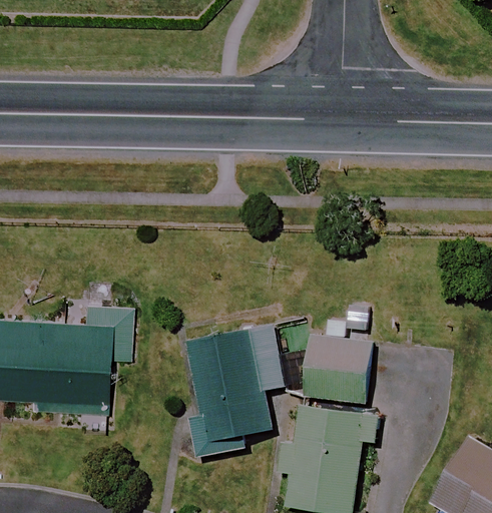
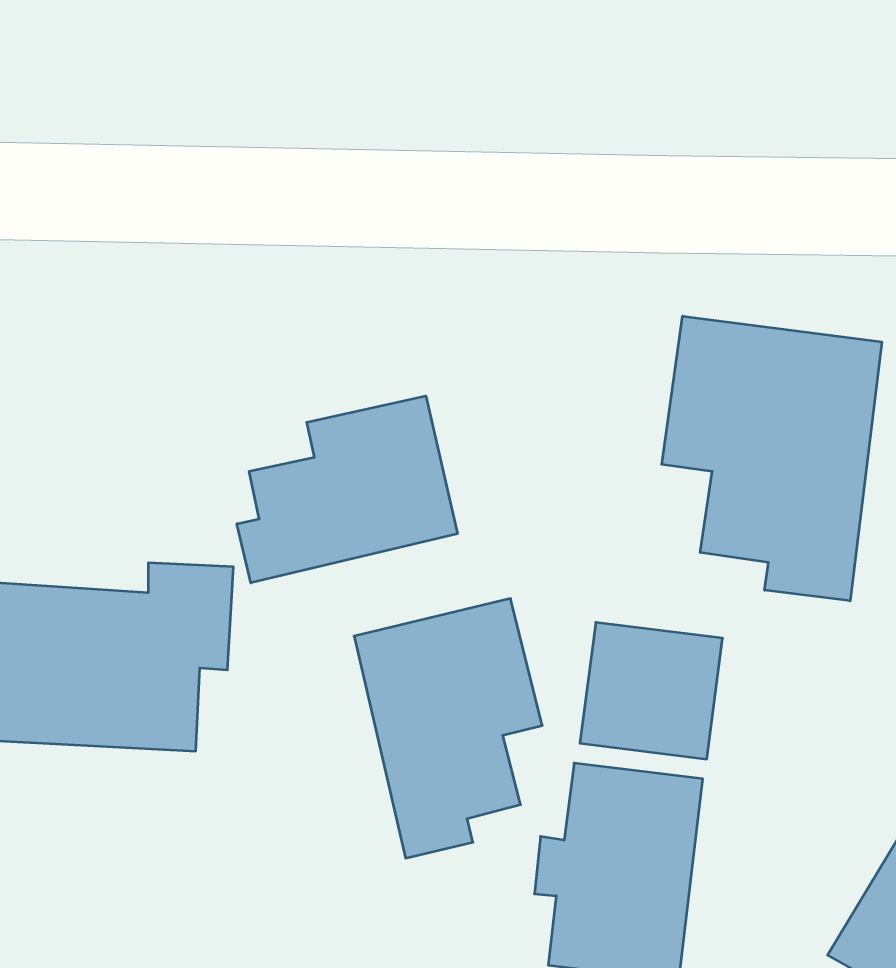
building: none -> [662,316,882,601]
building: none -> [237,396,457,583]

